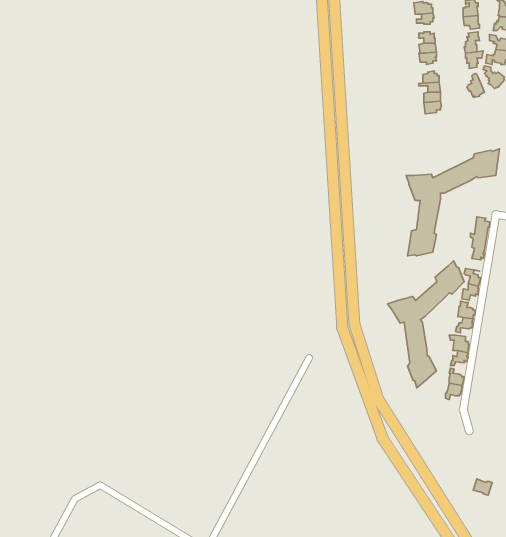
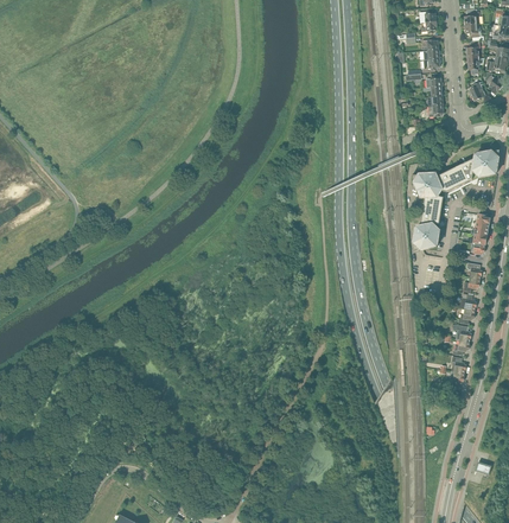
building: [388,261,464,388] -> none

